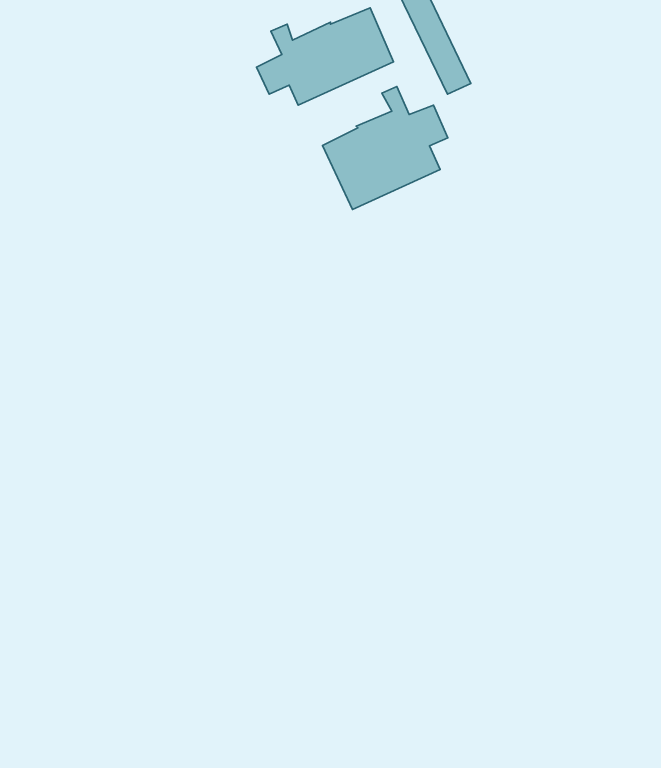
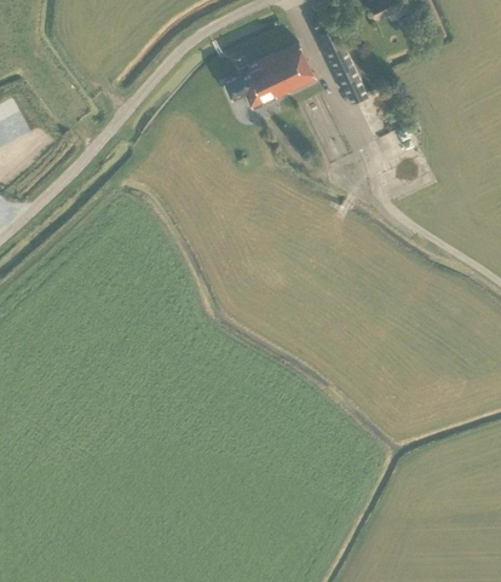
building: [323,86,448,209] -> none

